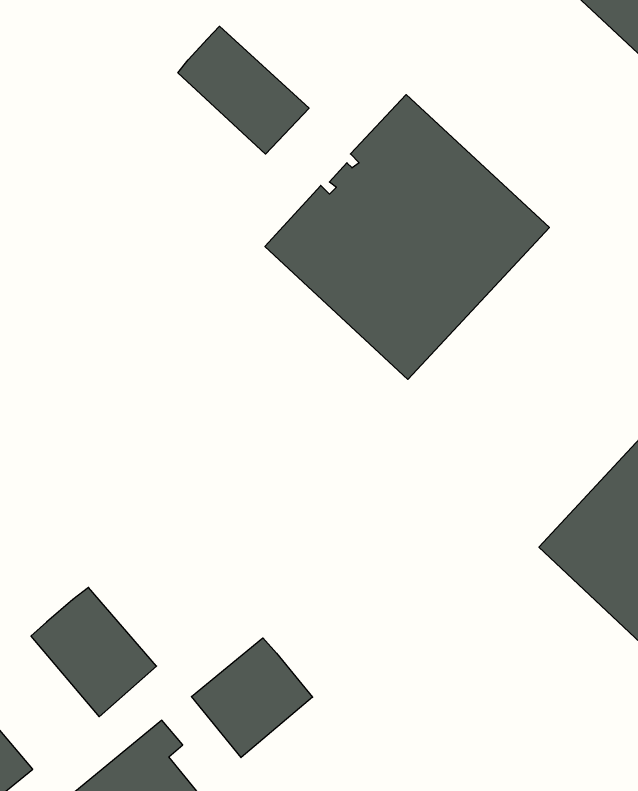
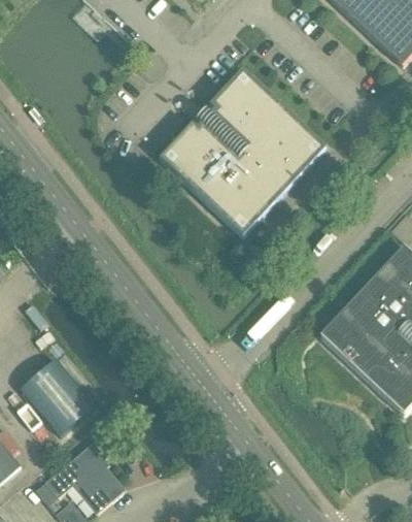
building: [178,26,309,154] -> none
building: [191,638,313,758] -> none

